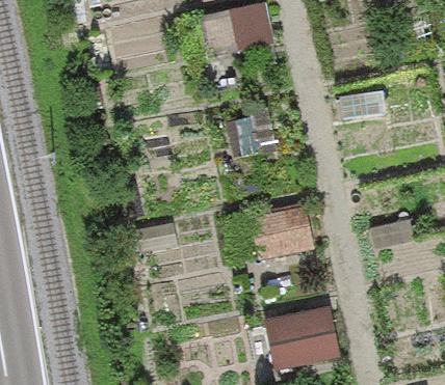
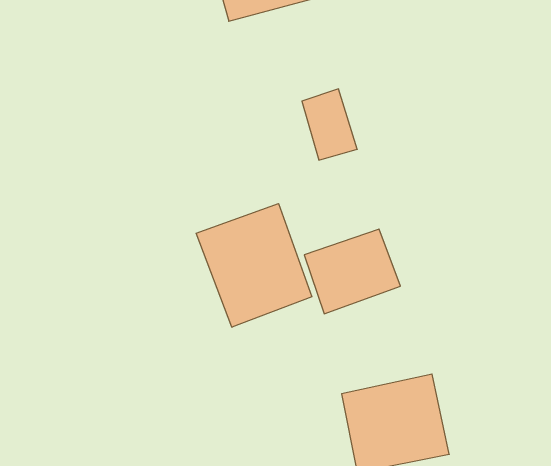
building: none -> [196,204,312,327]

